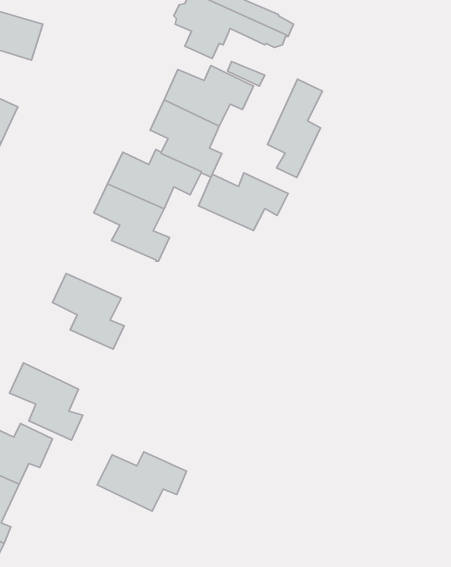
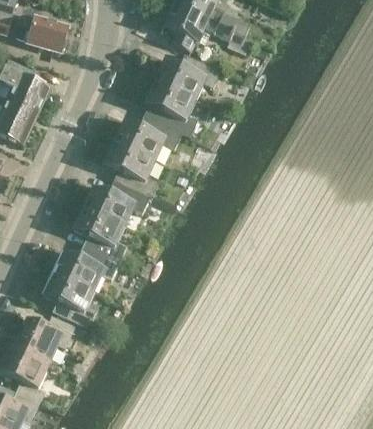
building: [267,79,322,178] -> none
building: [198,173,288,231] -> [84,183,149,225]
building: [97,452,187,511] -> [53,248,118,291]

